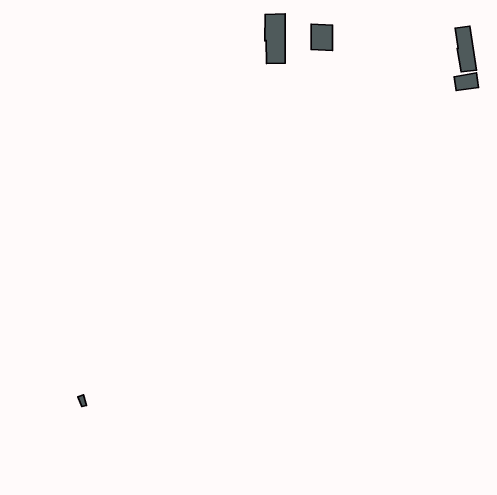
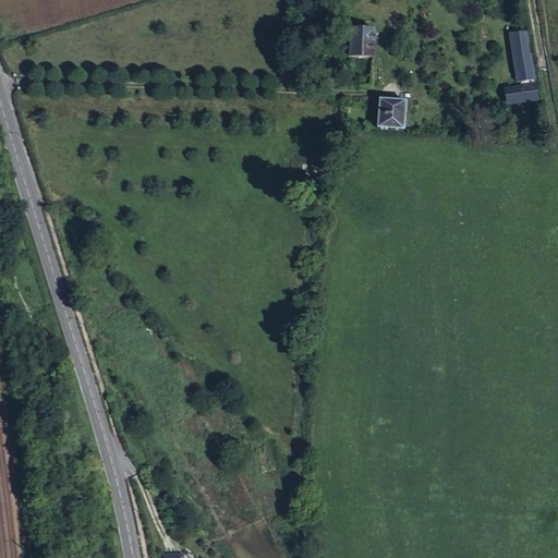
building: [265,14,285,63] -> none
building: none -> [376,97,404,129]

